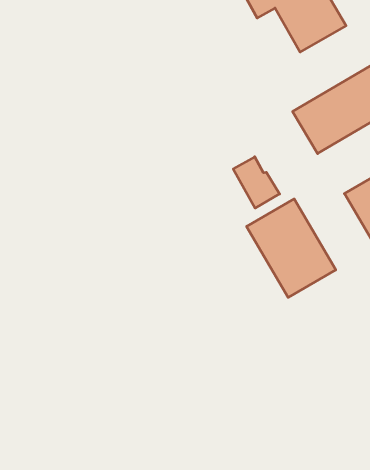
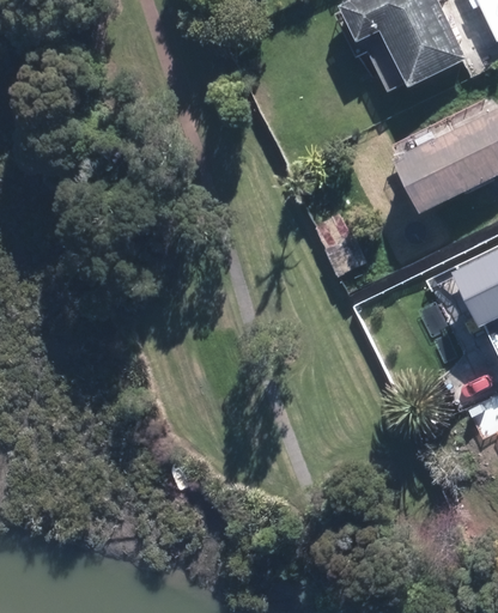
building: [247,199,336,297] -> none

